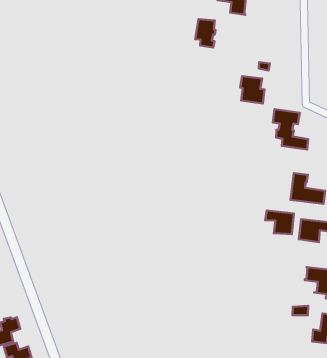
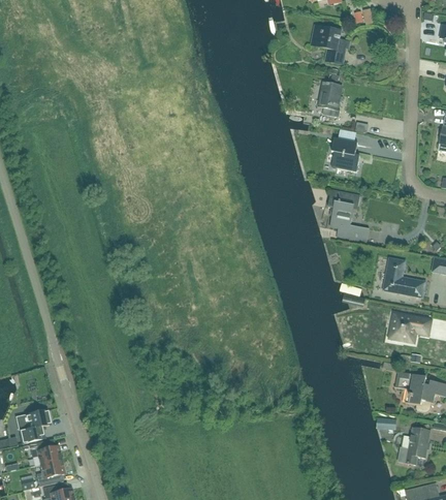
building: [195,19,215,47] -> [318,82,343,117]
building: [273,109,308,150] -> [327,190,369,241]
building: [265,210,294,234] -> none

